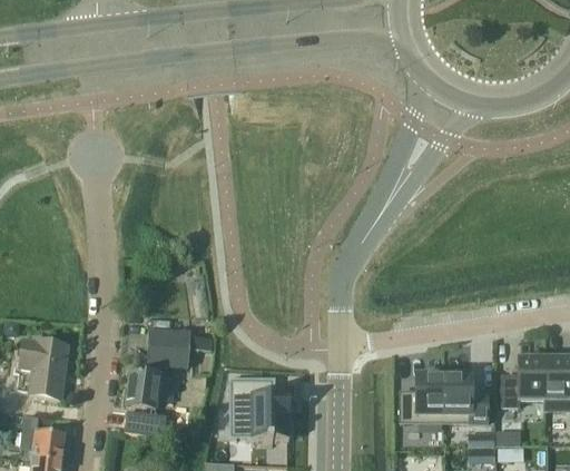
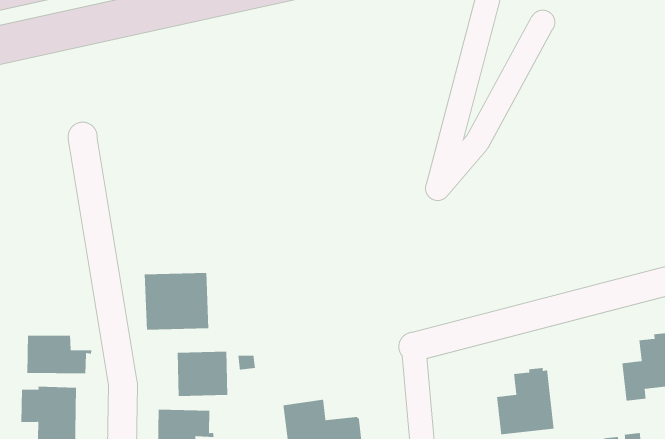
building: none -> [144,272,209,331]
building: none -> [27,335,92,374]
building: [443,371,487,421] -> none

